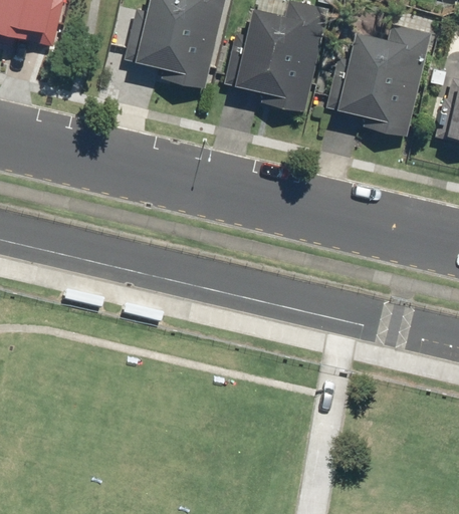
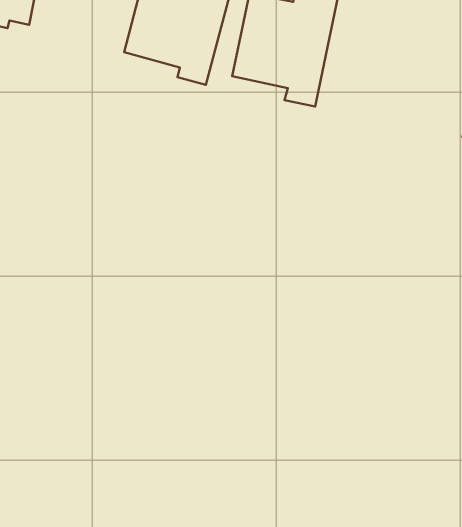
building: [329,26,431,141] -> none

